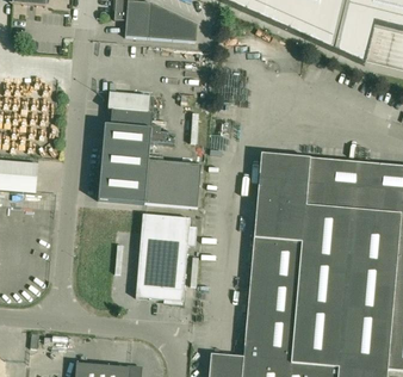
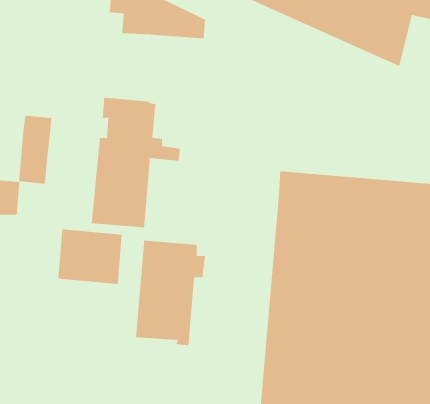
building: none -> [19,115,52,184]
building: [144,159,200,206] -> [57,229,123,284]

